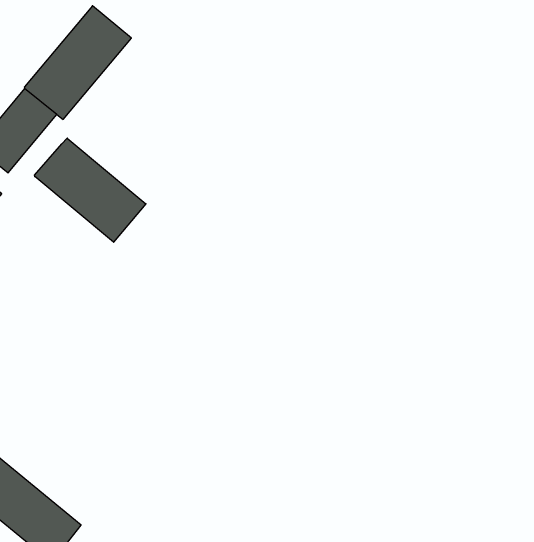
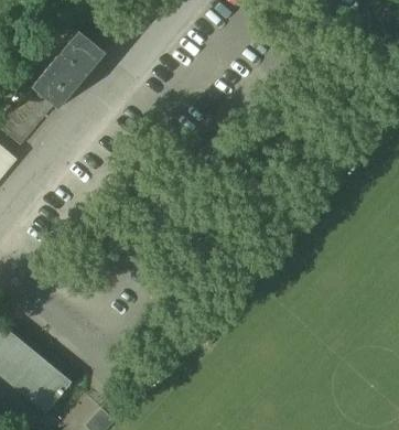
building: [35,138,146,242] -> none

